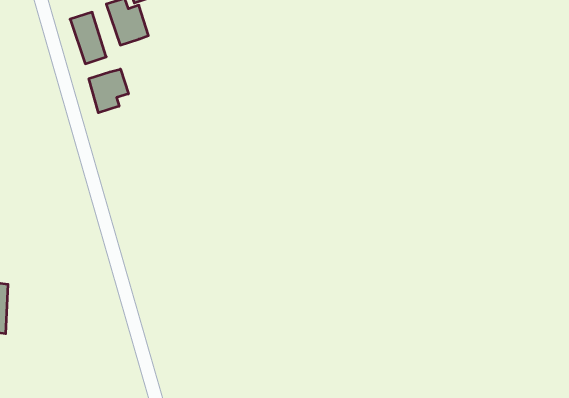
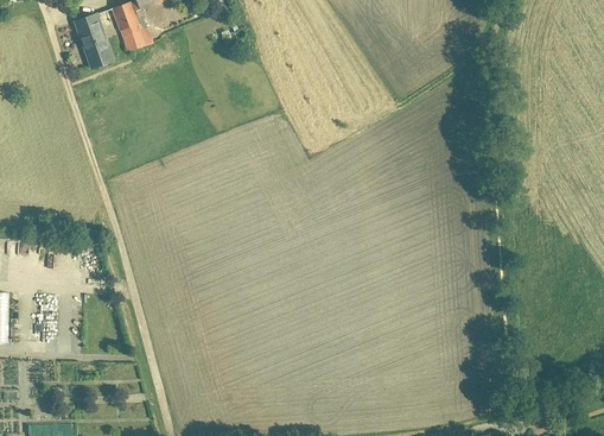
building: [89,69,128,113] -> none

